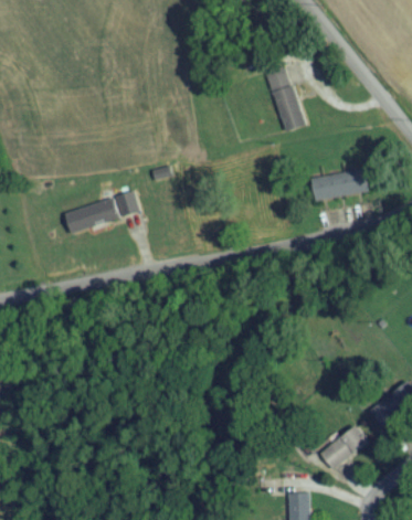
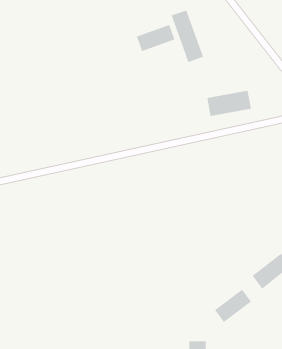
building: none -> [136,24,175,52]
building: [67,193,140,232] -> none

